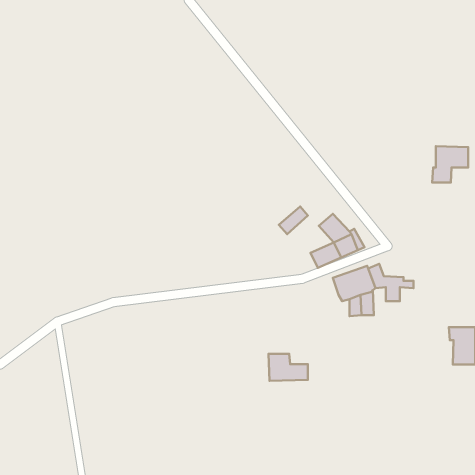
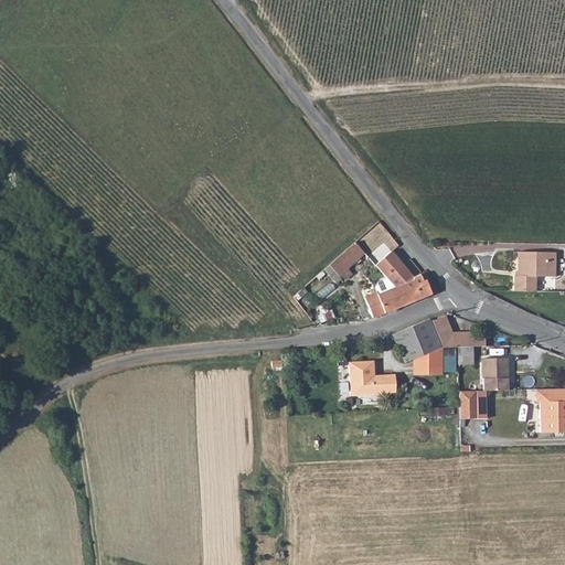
building: [432,146,468,182] -> [512,249,555,292]
building: none -> [483,356,509,388]
building: none -> [459,388,478,420]
building: [269,354,308,381] -> [350,362,396,394]

